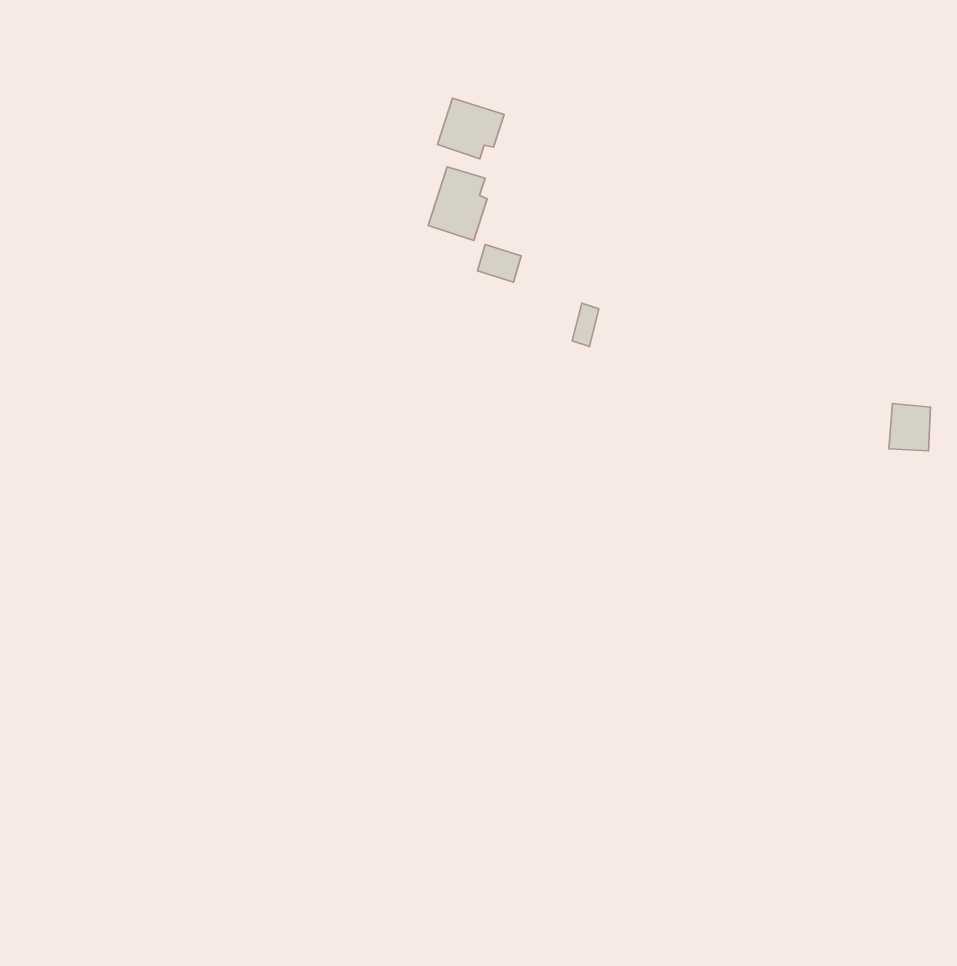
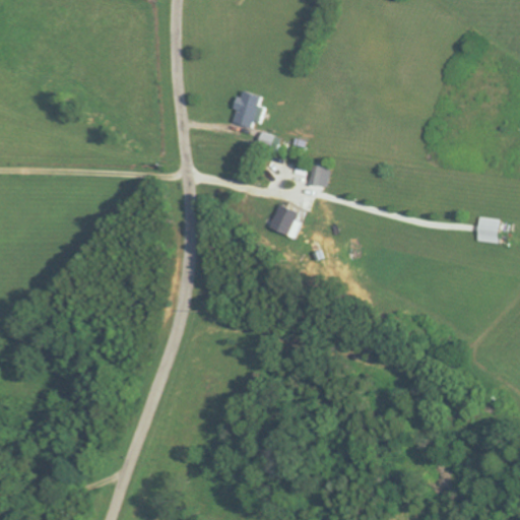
building: [438,98,504,159] -> none
building: none -> [267,203,300,238]

